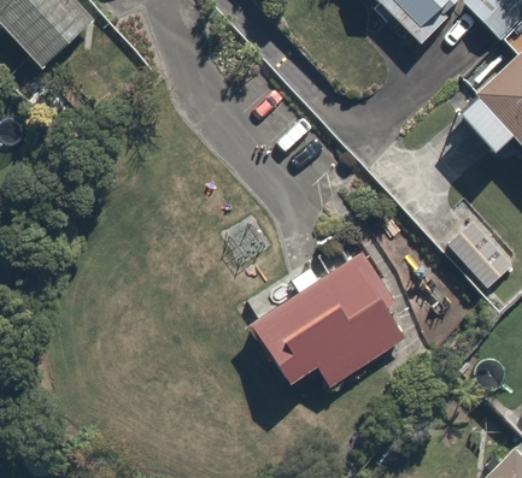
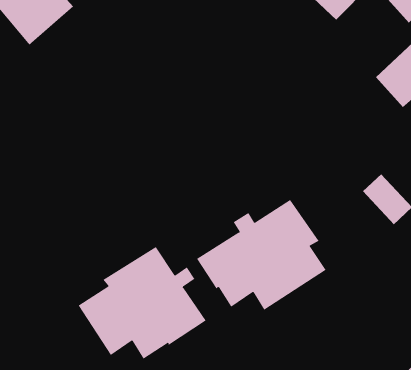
building: none -> [78,246,207,360]

